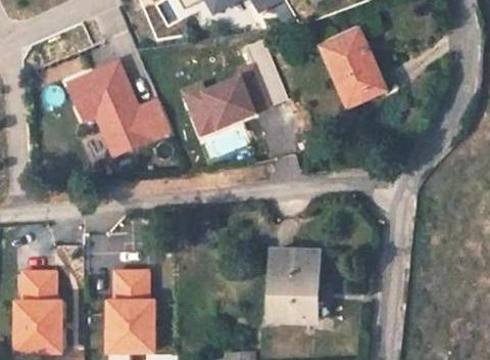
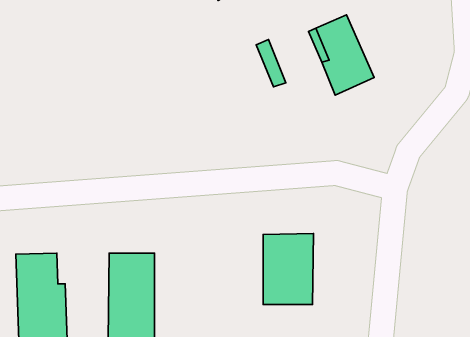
building: [69,58,173,160] -> none
building: [182,75,260,137] -> none

